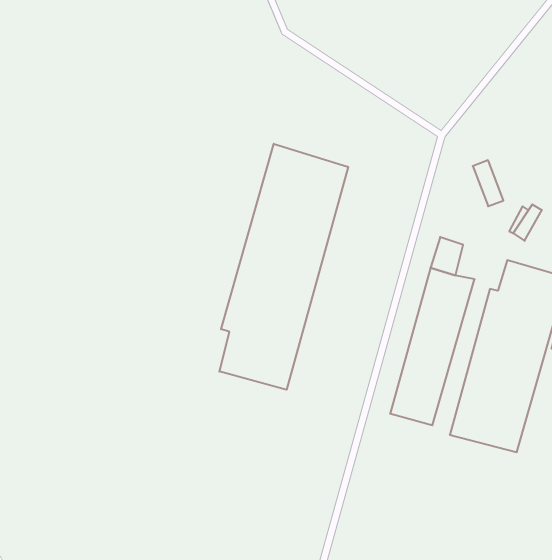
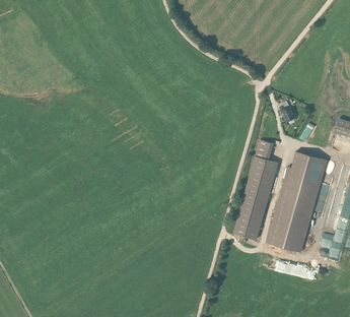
building: [219,144,348,390] -> none

